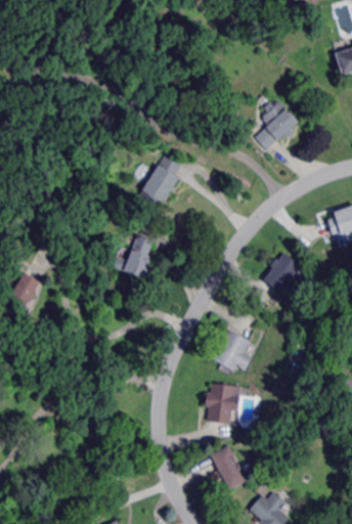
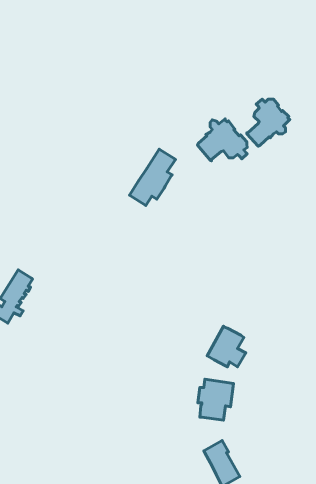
building: none -> [197,119,247,161]
building: [124,234,153,277] -> none
building: [264,252,304,292] -> none

